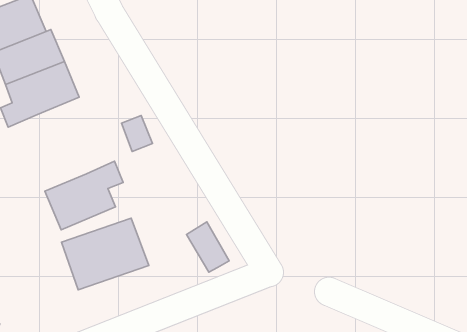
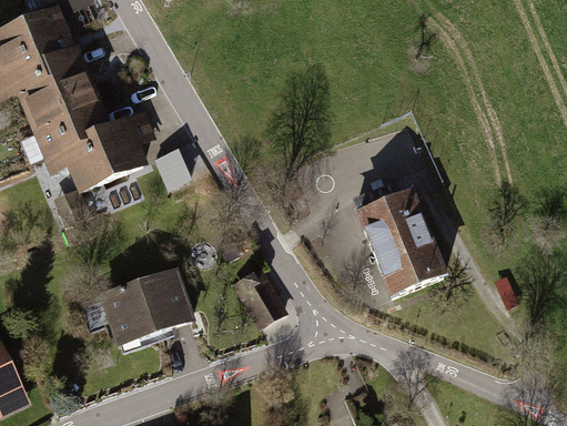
building: none -> [355,185,444,294]
building: [45,161,123,230] -> [62,113,152,192]

